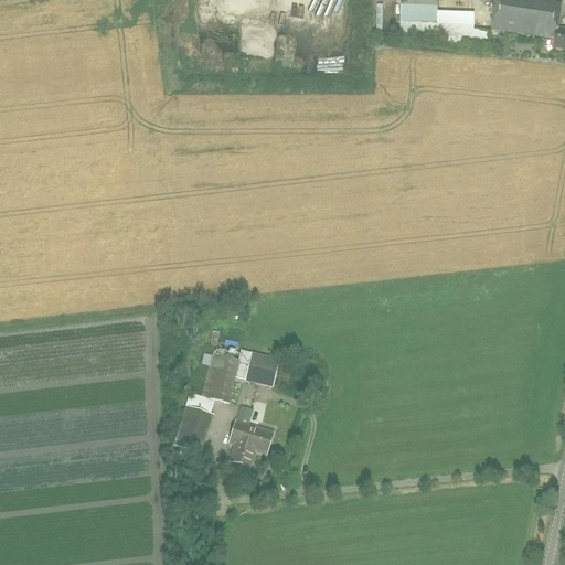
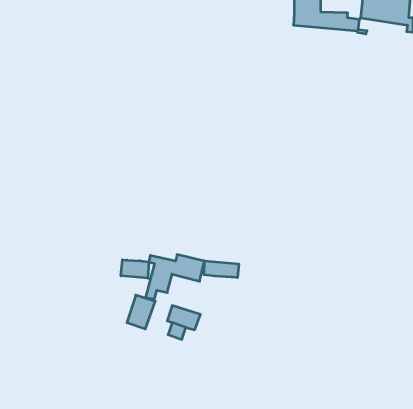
building: none -> [121,260,149,278]
building: none -> [204,261,239,278]

